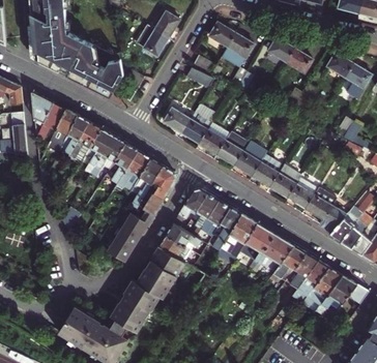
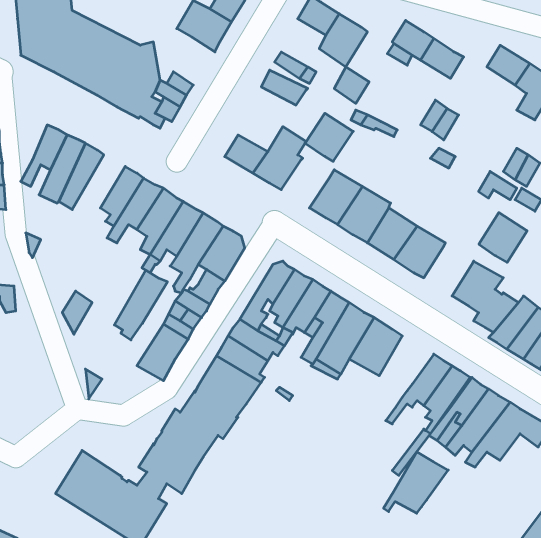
building: [30,90,52,137] -> none
building: [67,120,100,163] -> [114,270,167,340]
building: [198,123,228,153] -> [305,113,353,161]
building: [287,177,317,208] -> [479,213,527,262]
building: [253,233,293,271] -> [384,452,448,513]

